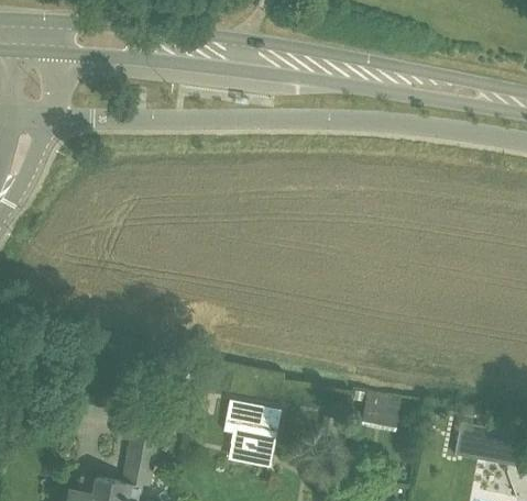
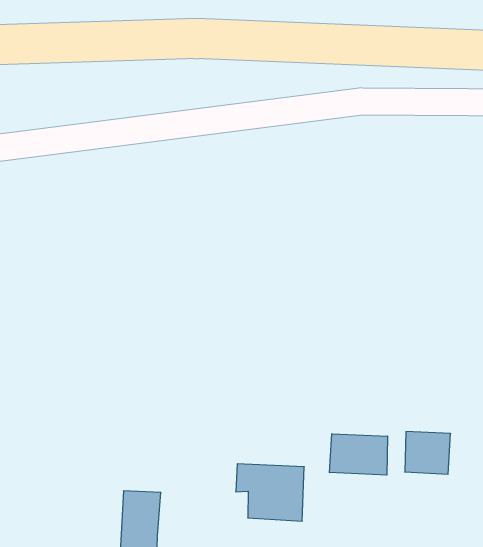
building: none -> [329,434,388,475]

